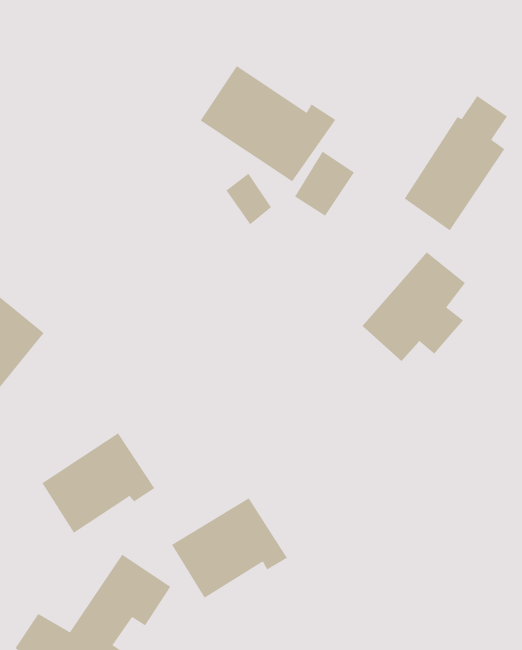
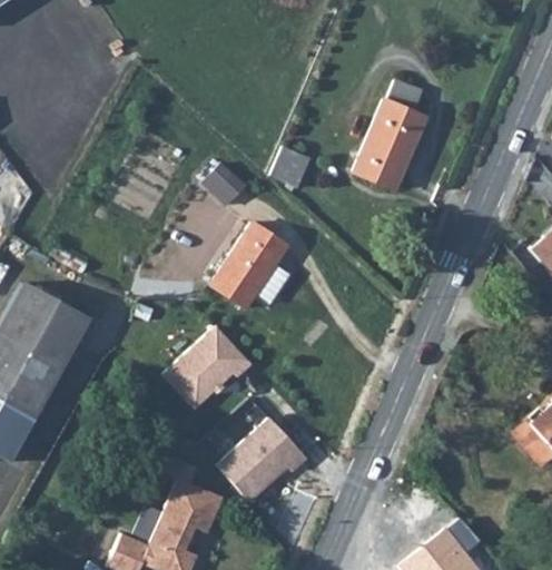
building: [200,65,336,182] -> none
building: [361,252,466,362] -> [211,234,289,322]
building: [42,433,155,534] -> [164,326,252,410]

